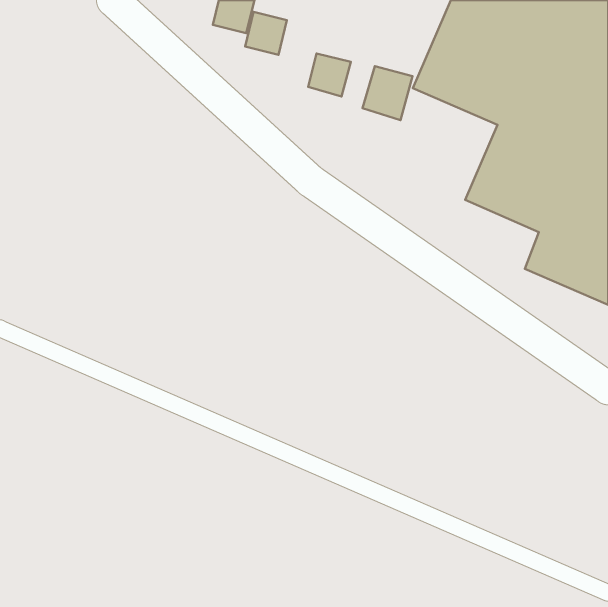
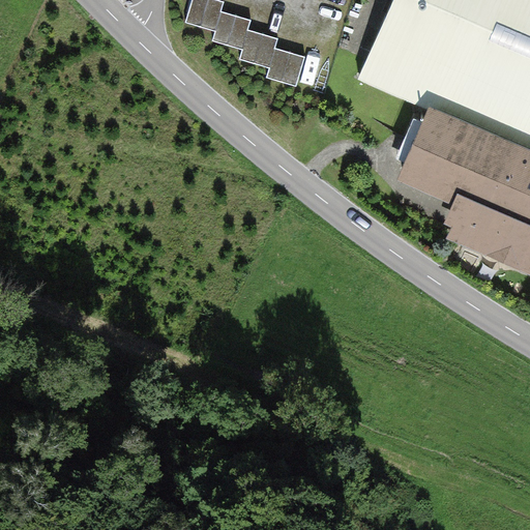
building: none -> [240,29,277,66]
building: [362,66,413,120] -> none

